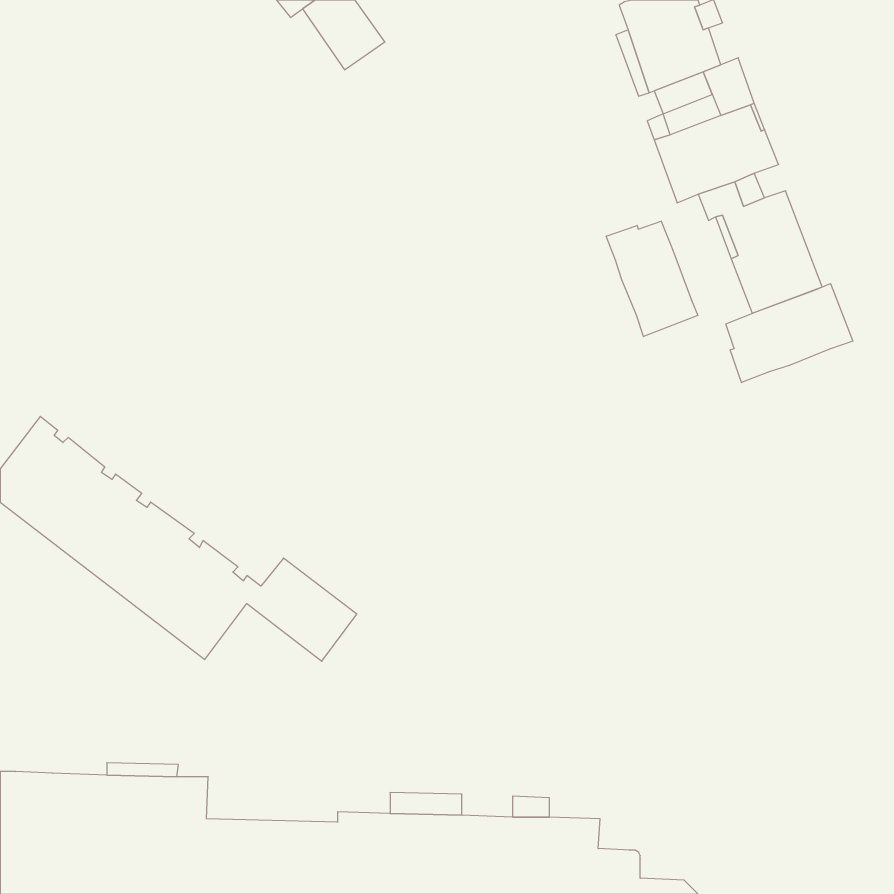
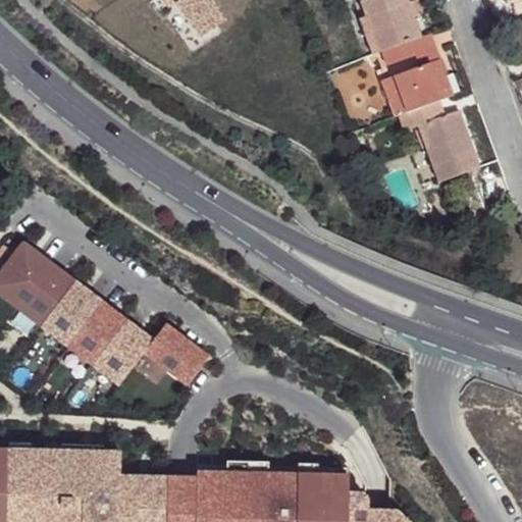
building: [606,221,698,337] -> none
building: [726,284,853,383] -> none

